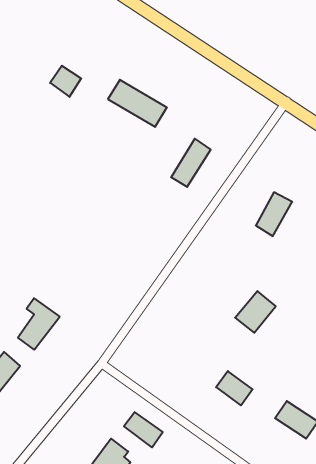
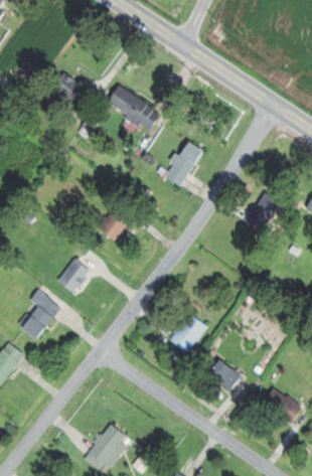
building: none -> [96,210,127,241]
building: none -> [57,259,91,293]
building: [235,291,276,333] -> [169,313,207,352]
building: [124,412,163,447] -> none

